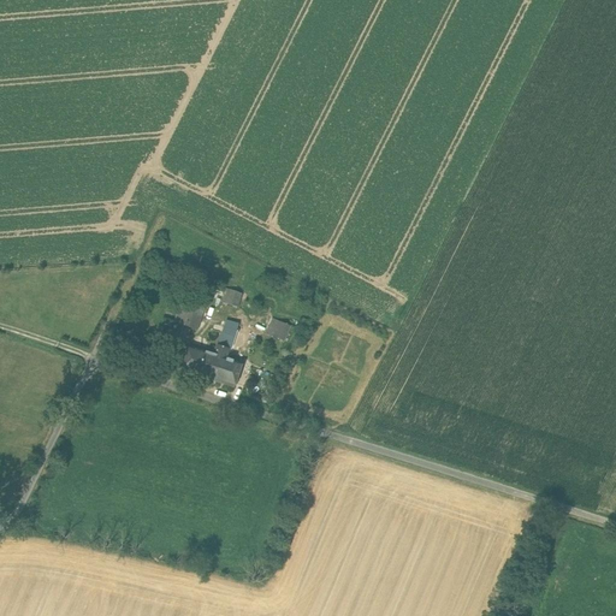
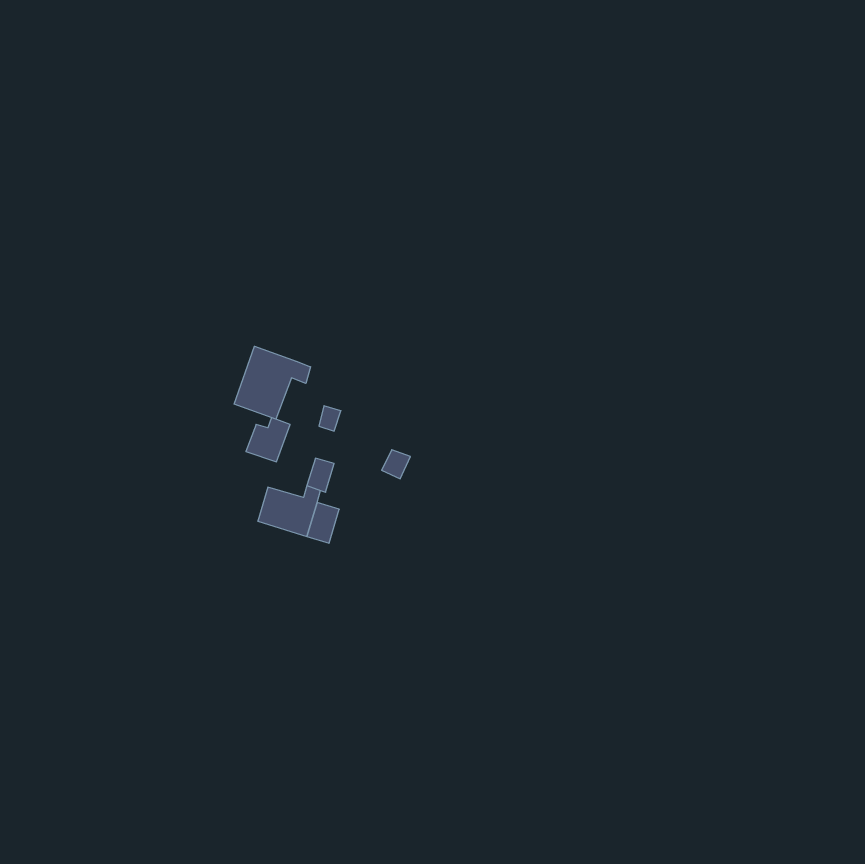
building: none -> [234,346,311,419]

